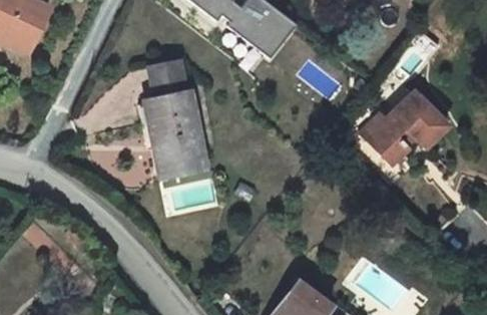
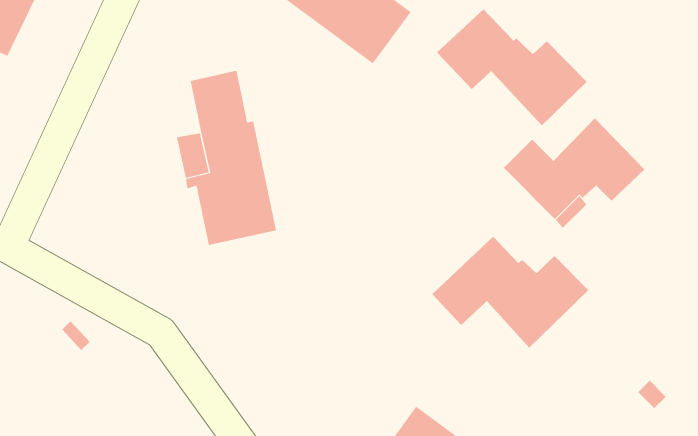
building: none -> [436,9,588,126]
building: none -> [431,236,589,349]

